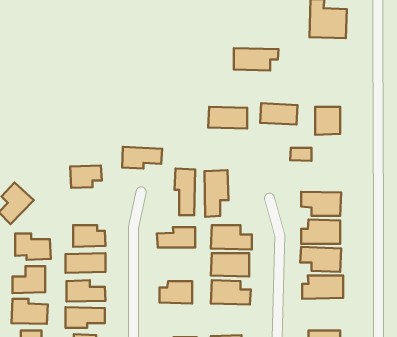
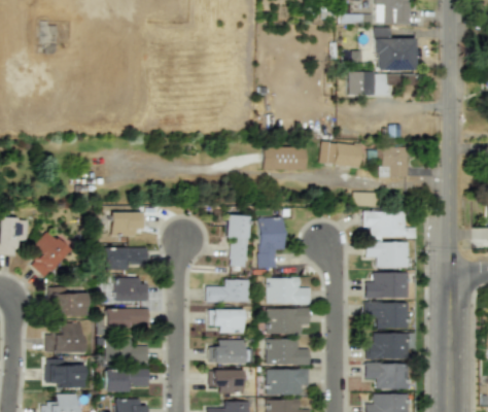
building: [234,48,279,71] -> [349,72,398,97]
building: [122,147,162,168] -> [103,247,147,271]
building: none -> [363,211,416,238]
building: none -> [209,309,243,334]
building: none -> [365,364,409,389]
building: none -> [211,370,243,392]
building: none -> [267,370,309,396]

